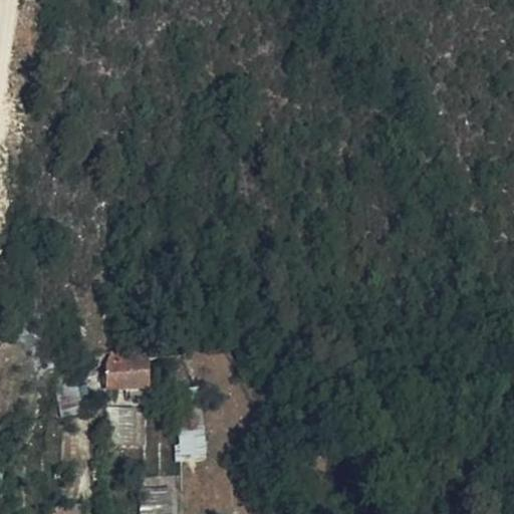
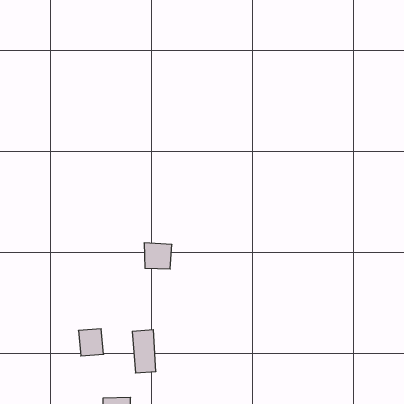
building: [124,353,159,386] -> [144,243,172,269]

